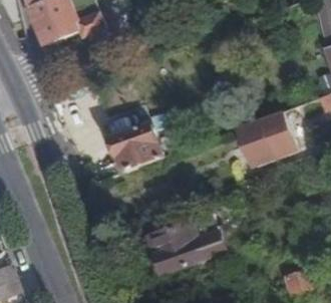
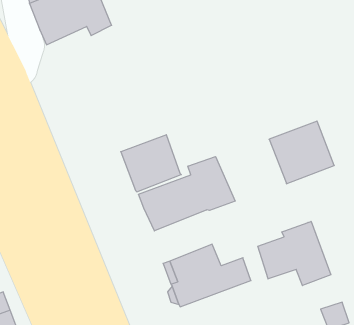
building: none -> [139,157,235,231]
building: none -> [258,221,331,286]

